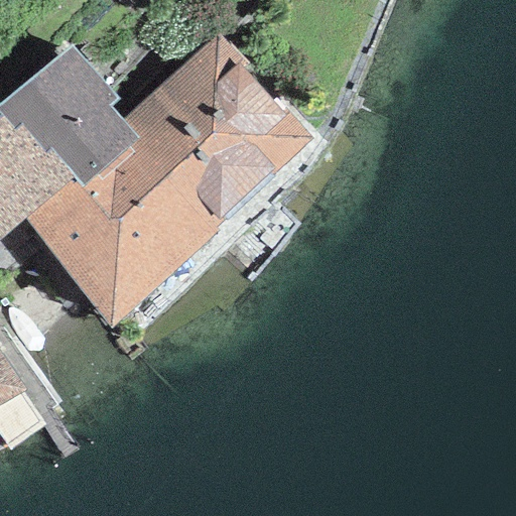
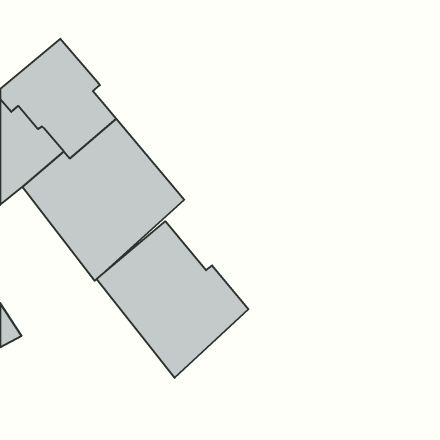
building: [120,33,313,234] -> none
building: none -> [96,221,248,378]

